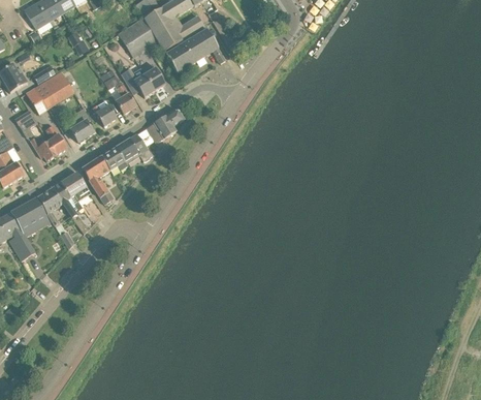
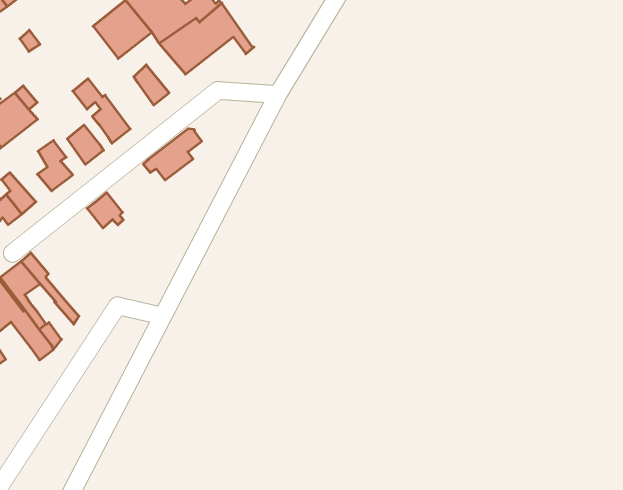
building: [121,67,154,97] -> none
building: [116,130,153,161] -> none
building: [82,155,114,204] -> none
building: [60,172,91,201] -> none

